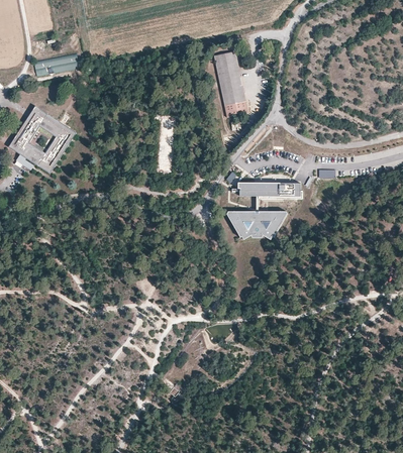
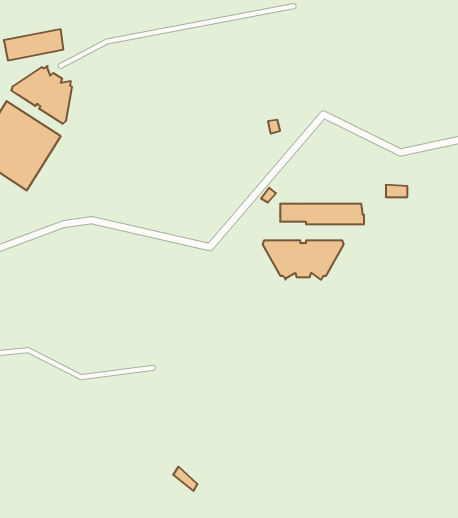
building: [216,52,247,118] -> none
building: none -> [11,66,72,124]

